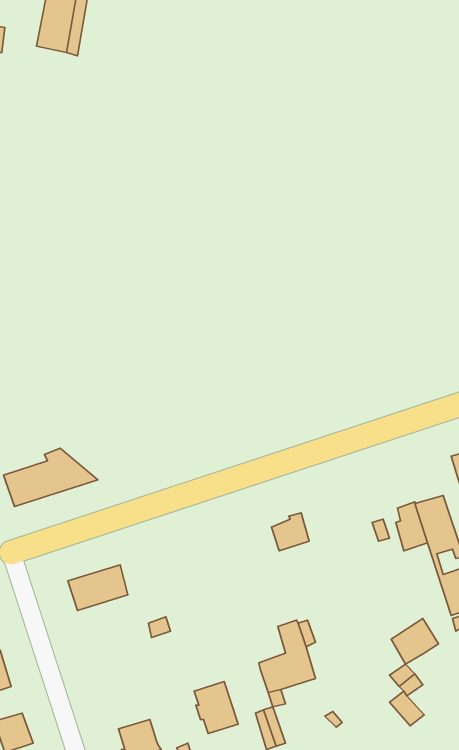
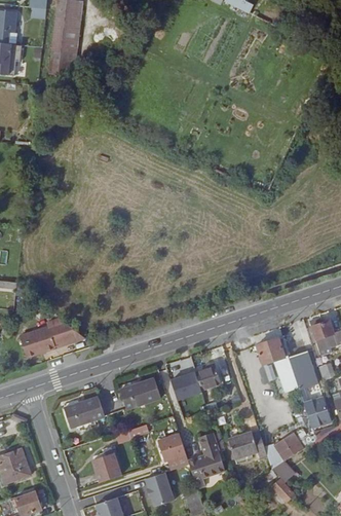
building: none -> [256,335,289,363]
building: none -> [170,370,201,397]
building: none -> [119,377,159,407]
building: none -> [229,429,266,456]
building: none -> [158,431,188,468]
building: none -> [93,449,121,479]

